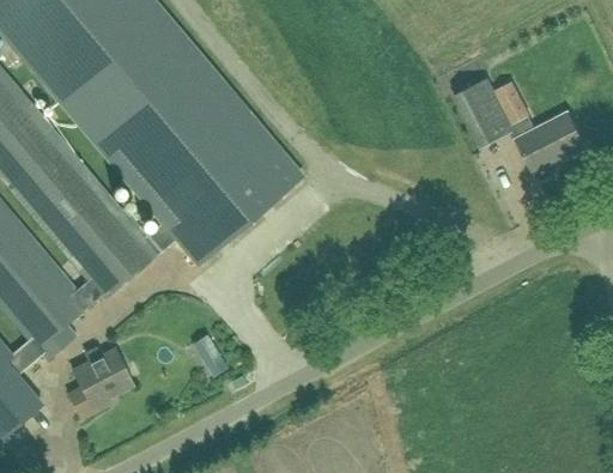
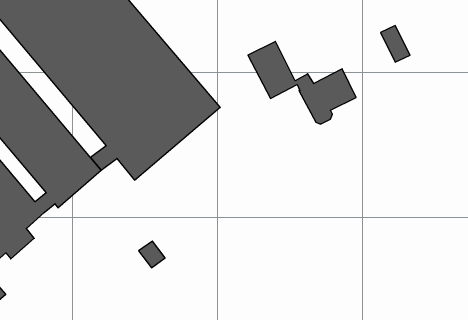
building: [454,77,585,177] -> [248,41,356,124]
building: [68,346,133,414] -> none

